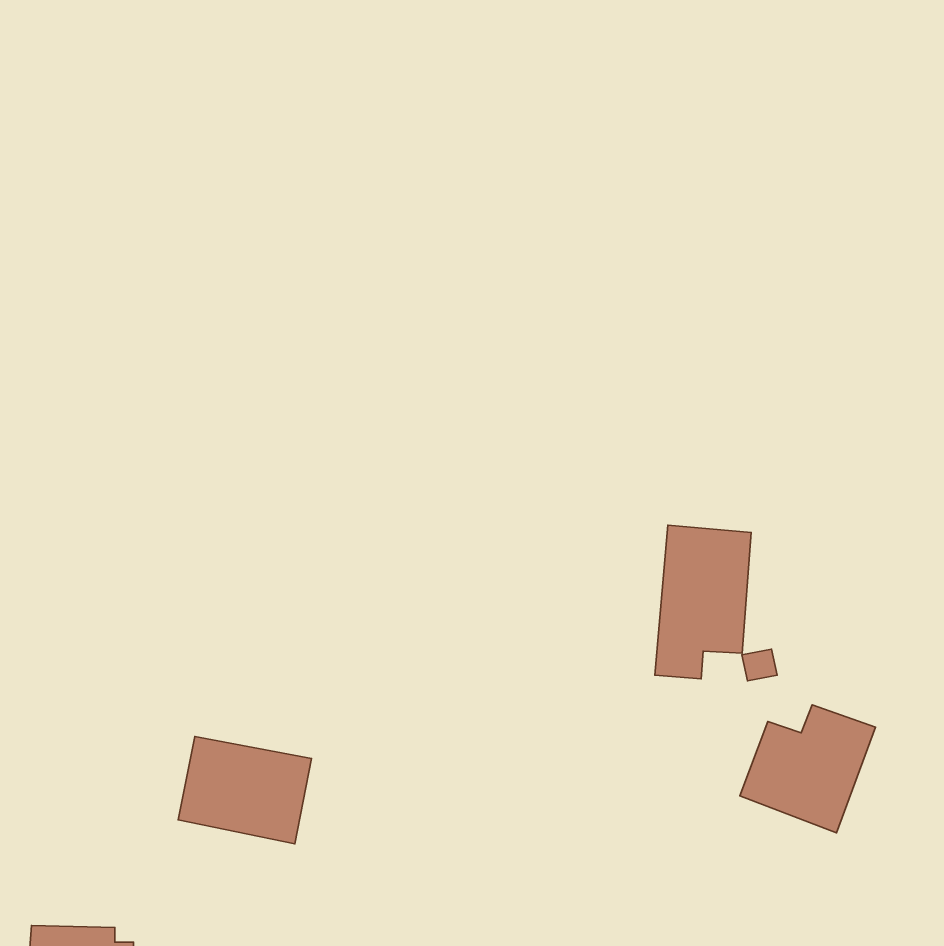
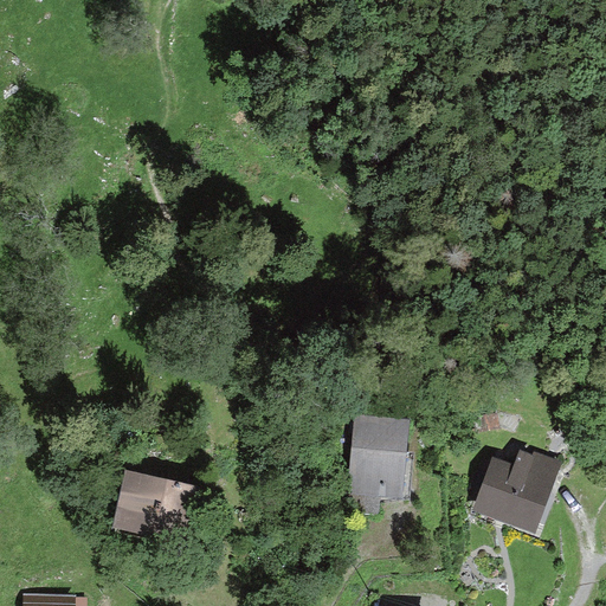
building: [655,525,751,679] -> [347,413,408,511]

